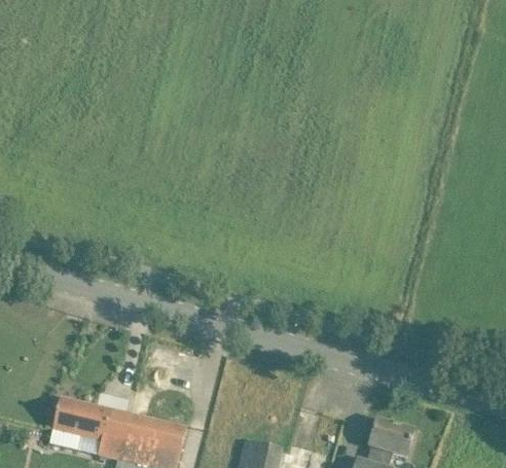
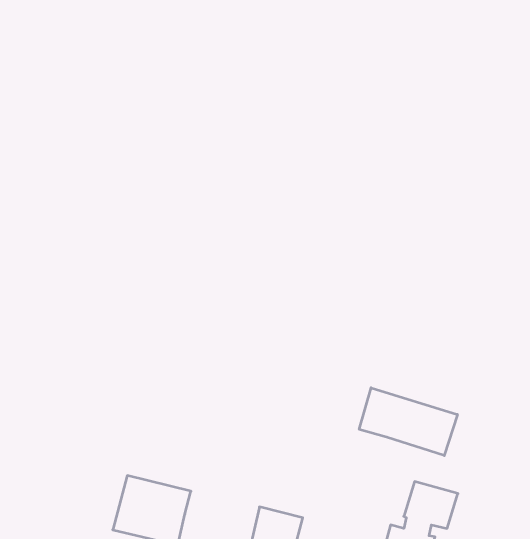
building: none -> [359,388,457,456]
building: [51,397,131,460] -> none

